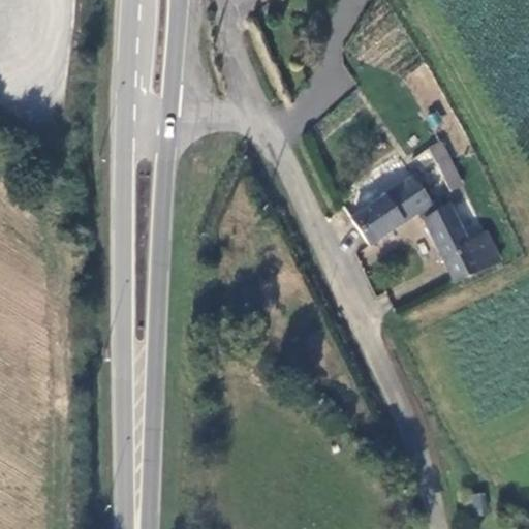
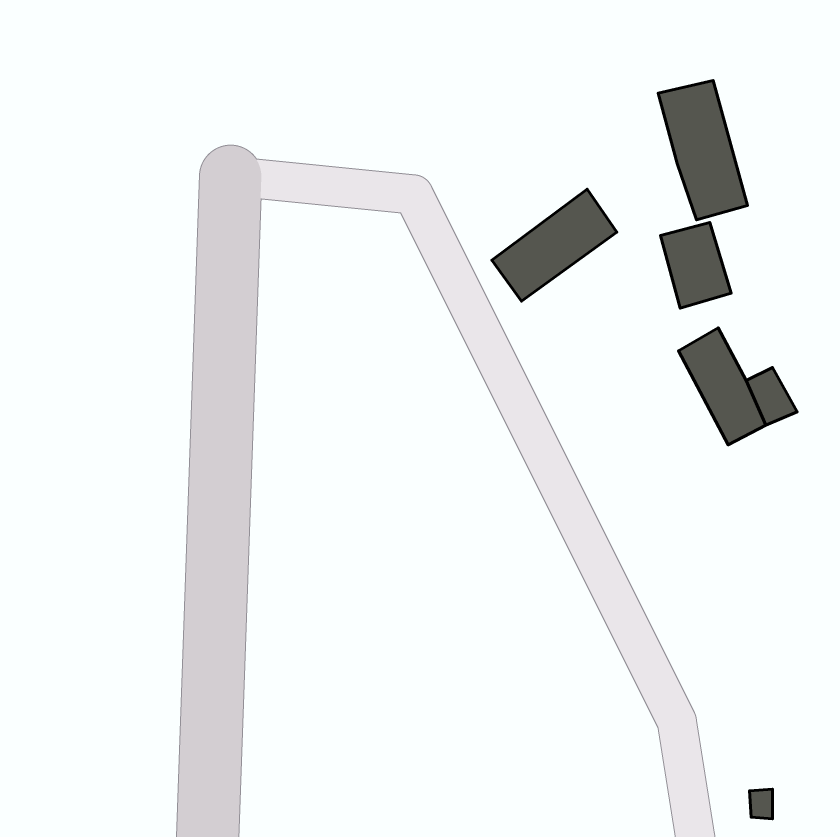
building: none -> [658,81,747,220]
building: [352,176,431,246] -> [492,189,617,301]

